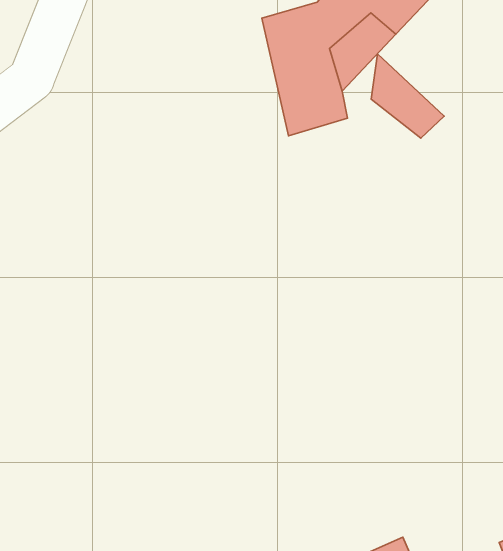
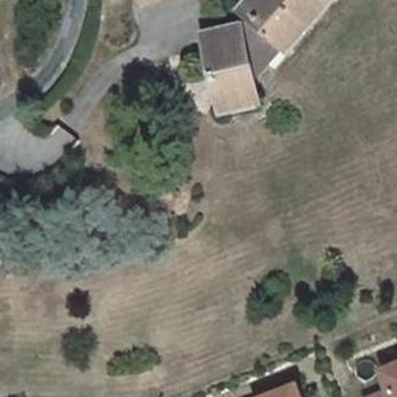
building: [371,54,444,138] -> none

